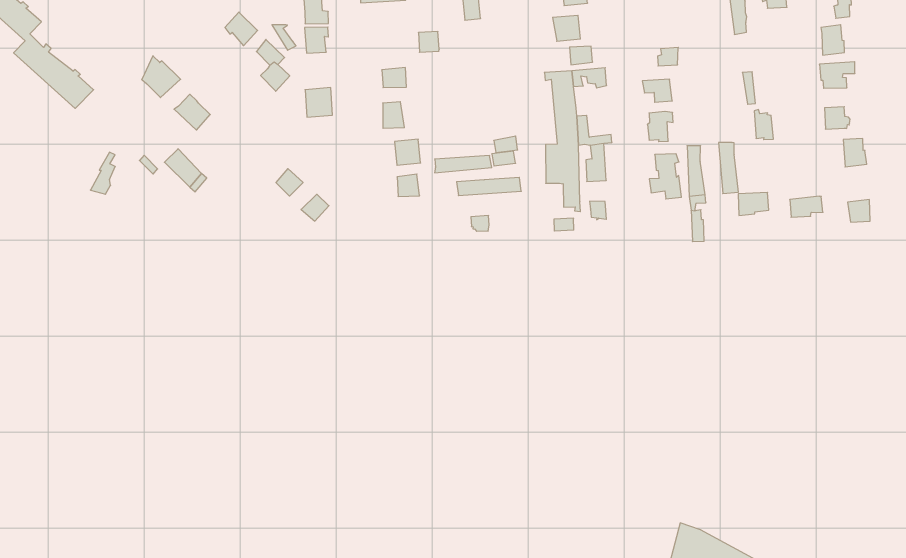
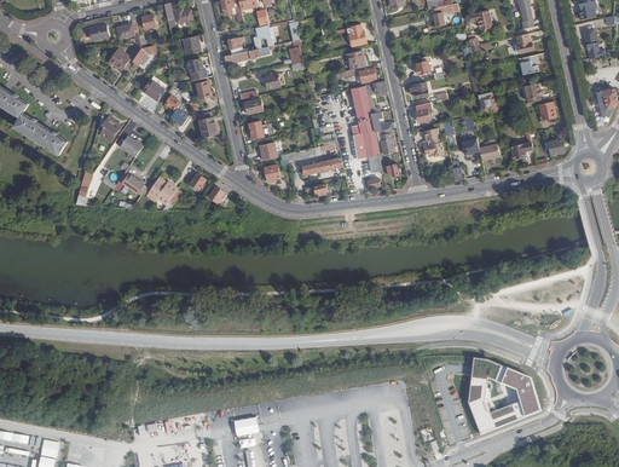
building: none -> [143,174,180,207]

